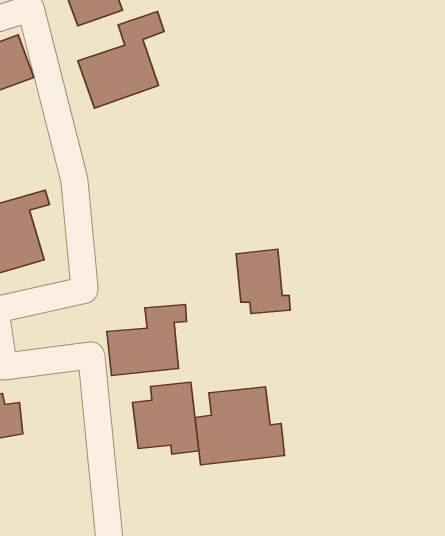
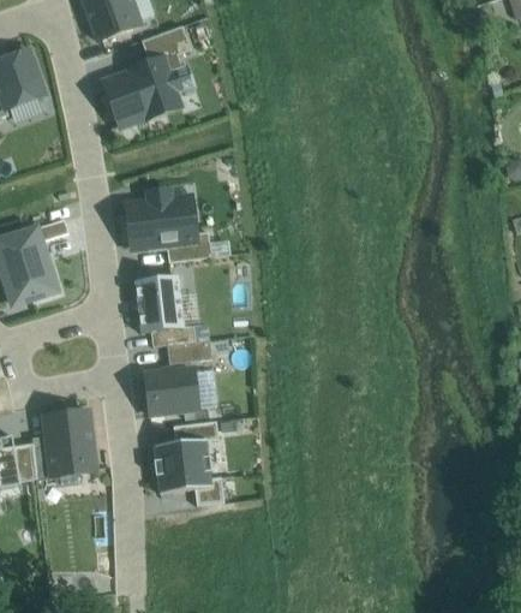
building: none -> [121,189,210,261]
building: [236,249,290,313] -> [136,276,193,345]
building: none -> [31,407,98,478]
building: [195,387,285,465] -> none

